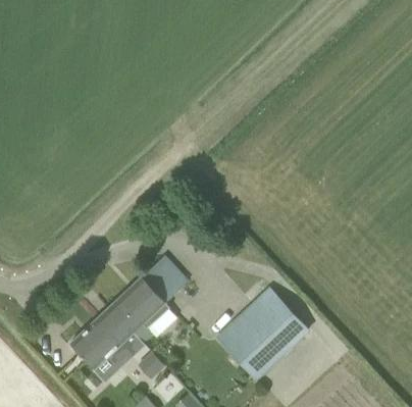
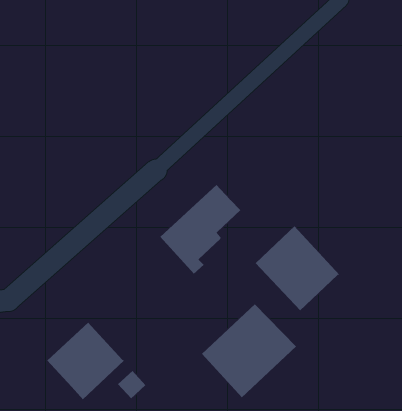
building: none -> [255,225,340,311]
building: [110,256,188,342] -> [159,184,241,274]

